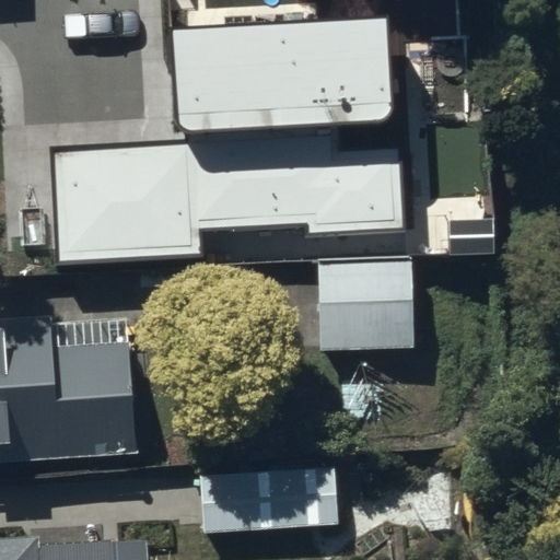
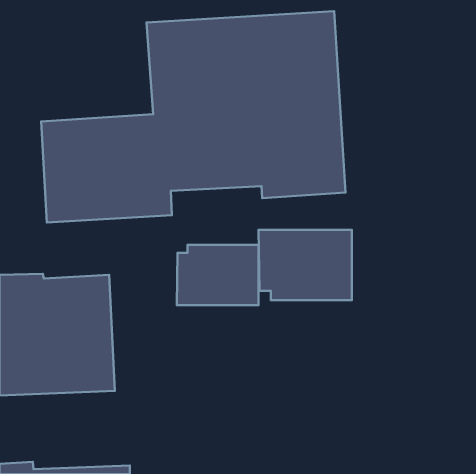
building: none -> [177,245,259,305]
building: [199,470,335,533] -> none

